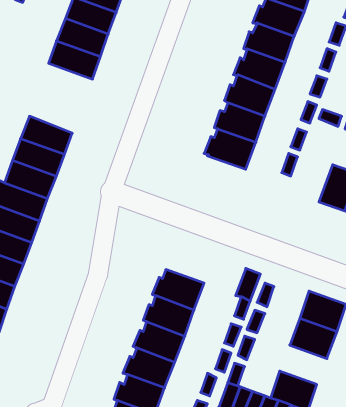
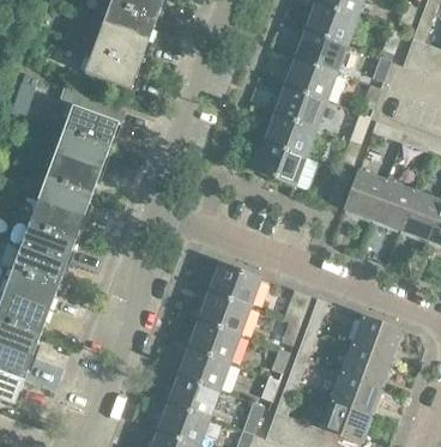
building: none -> [59,87,117,147]
building: none -> [343,170,386,221]
building: none -> [205,264,260,307]
building: none -> [330,373,380,415]

